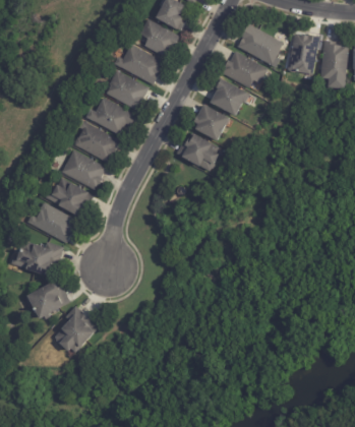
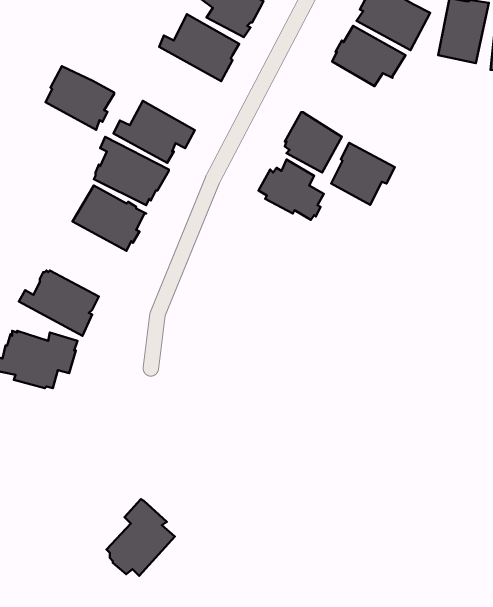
building: [106,70,149,110] -> [46,66,114,130]
building: [210,77,249,116] -> [331,143,395,205]
building: [44,177,94,216] -> none
building: [25,279,70,320] -> none
building: [54,305,97,353] -> [106,499,175,576]

